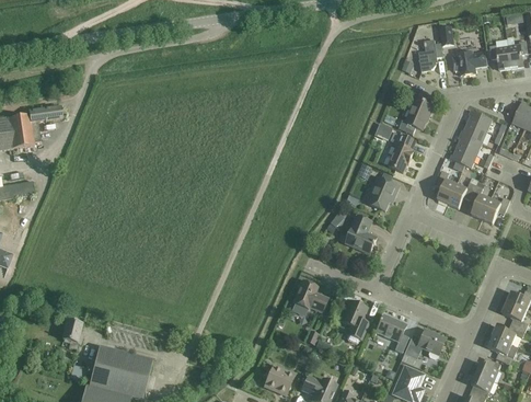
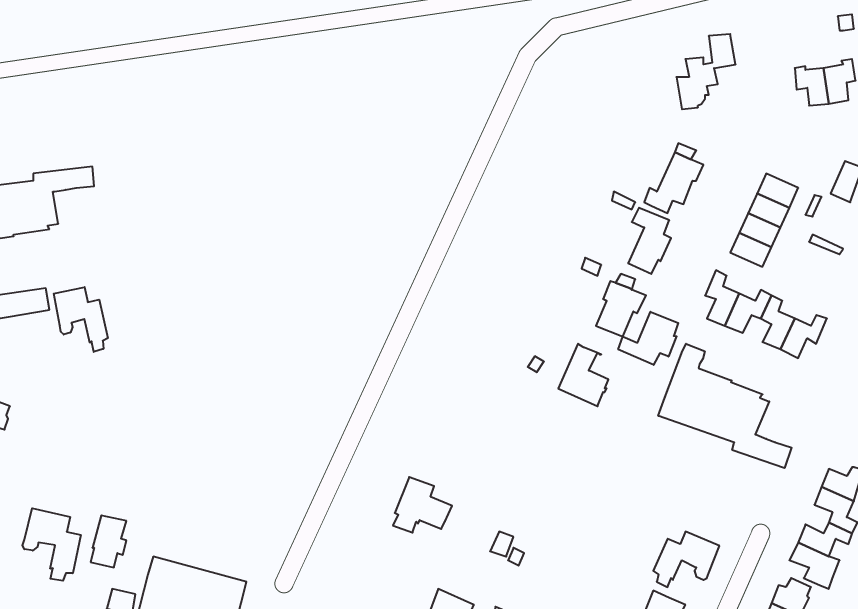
building: [451,51,485,76] -> none
building: none -> [54,287,108,352]
building: none -> [618,312,678,365]
building: none -> [658,344,792,468]
building: [291,280,327,314] -> [393,477,452,533]
building: [340,300,367,344] -> none
building: [373,314,407,353] -> none
building: none -> [22,508,81,581]

